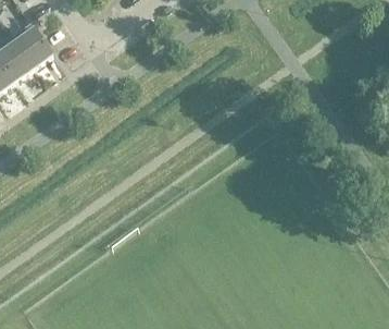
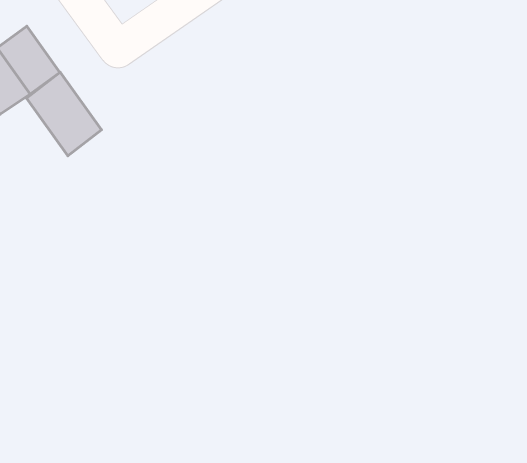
building: none -> [27,72,101,156]

